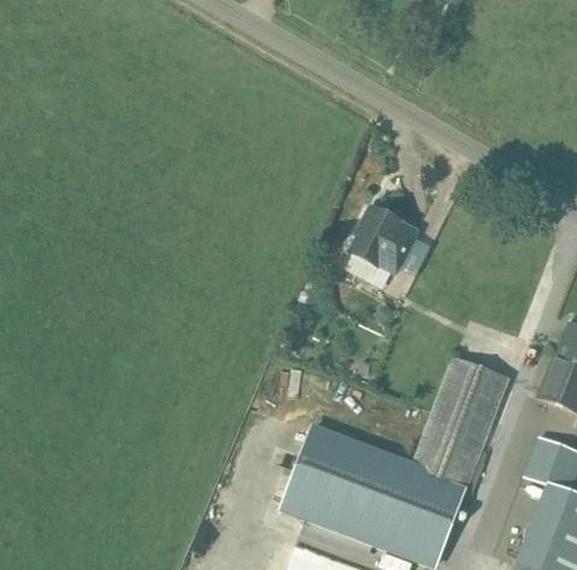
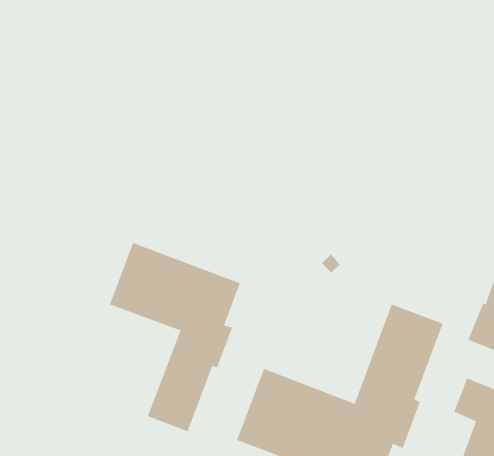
building: [349,210,417,275] -> none
building: none -> [109,242,240,432]

